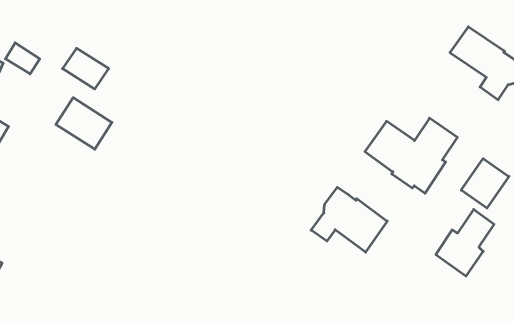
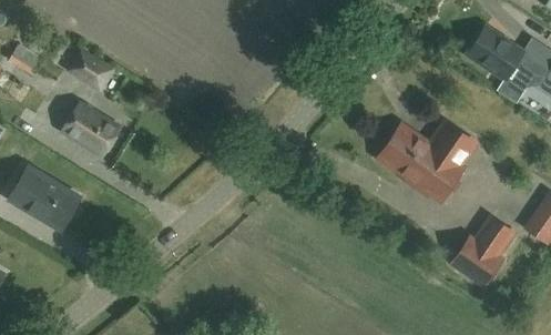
building: [461,159,509,208] -> none
building: none -> [8,167,78,229]
building: [311,187,387,252] -> none

